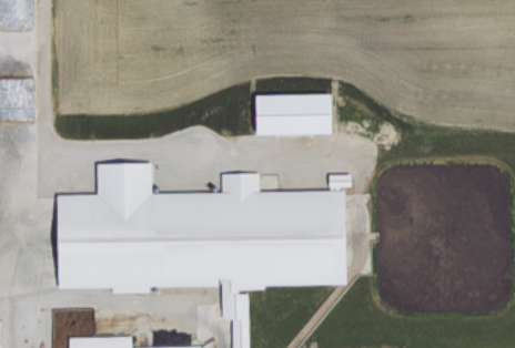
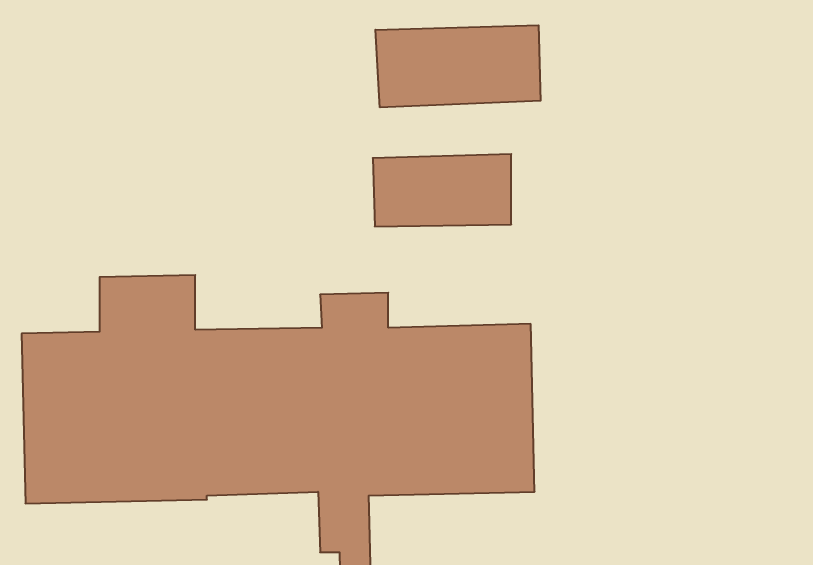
building: none -> [375,25,541,107]

